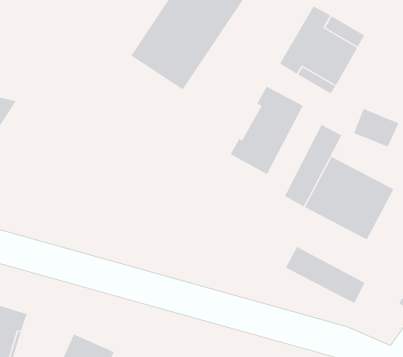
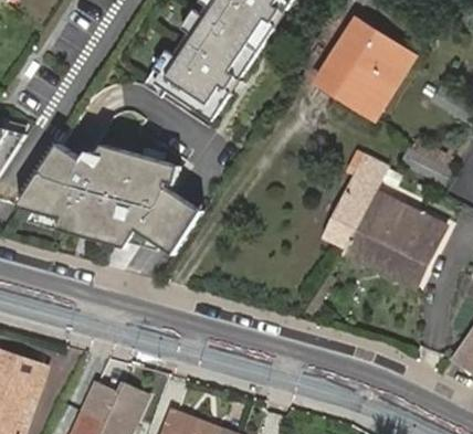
building: [230,86,304,175] -> none
building: none -> [20,142,204,252]
building: [285,246,365,304] -> none

